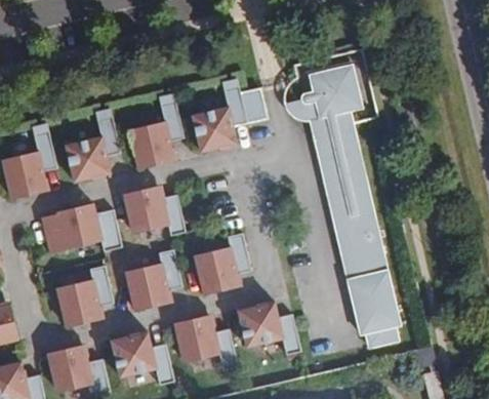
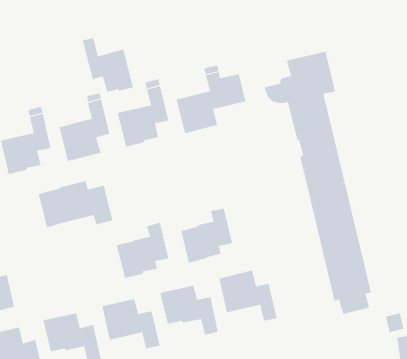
building: none -> [82,37,133,93]
building: [123,187,186,234] -> none
building: [56,265,114,324] -> none

